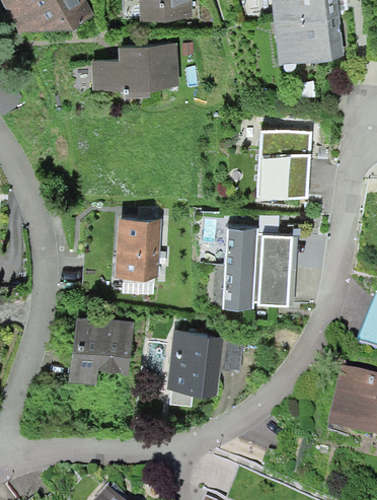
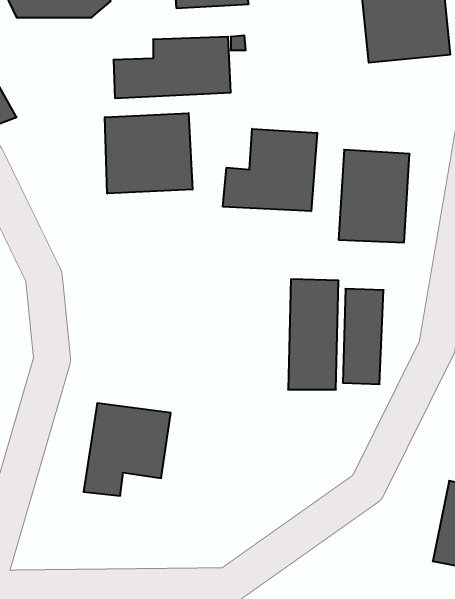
building: none -> [105,113,192,194]
building: none -> [223,129,317,211]
building: [116,217,162,277] -> none
building: [166,329,223,394] -> none

